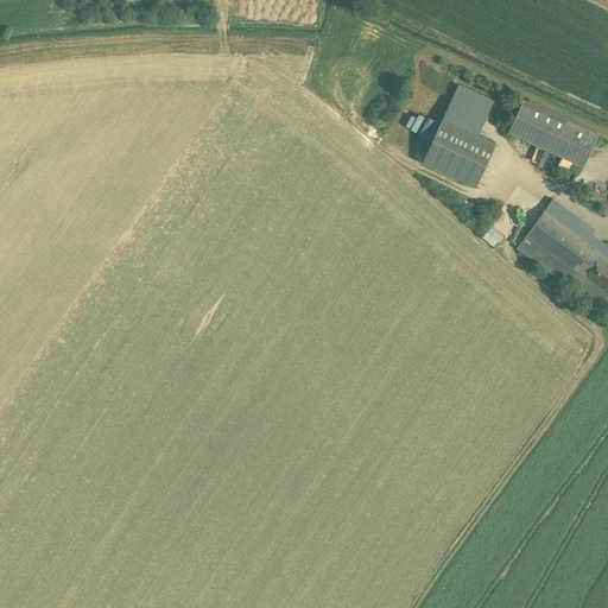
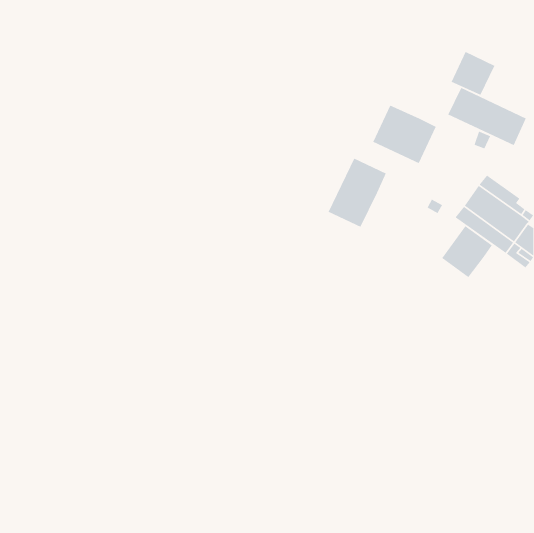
building: [443,83,494,134] -> [451,51,495,96]
building: none -> [328,158,387,228]
building: none -> [441,225,493,278]

